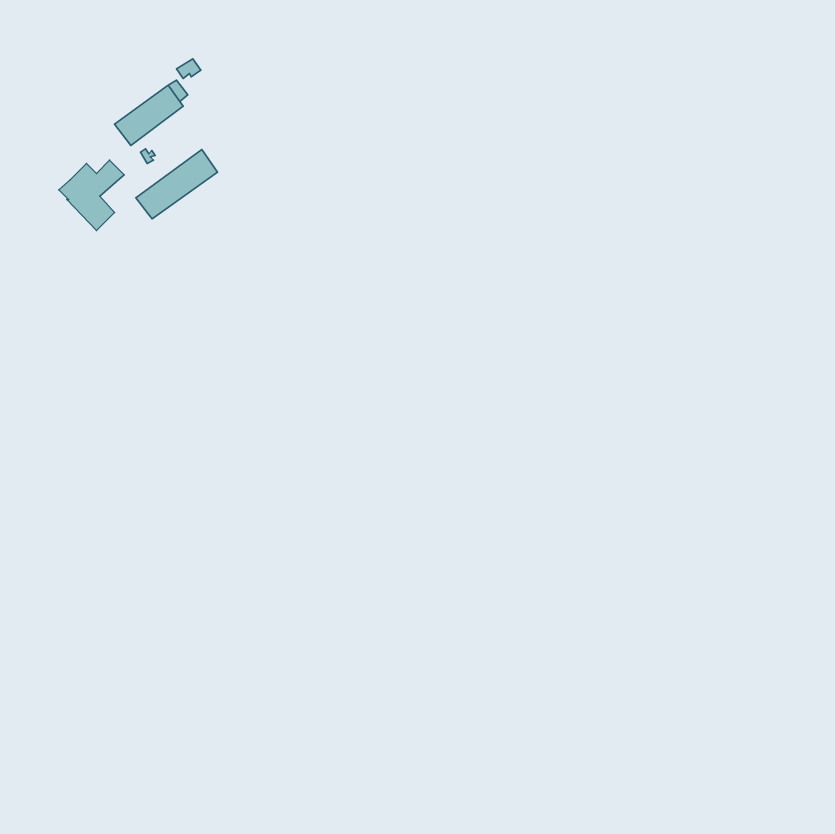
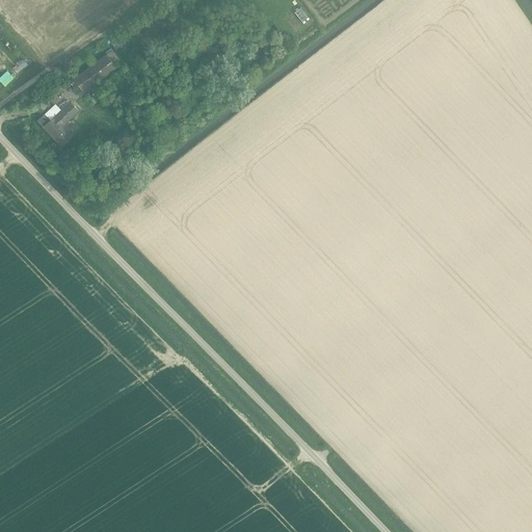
building: [136,150,217,219] -> none

